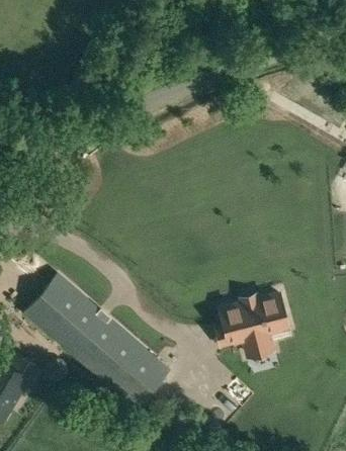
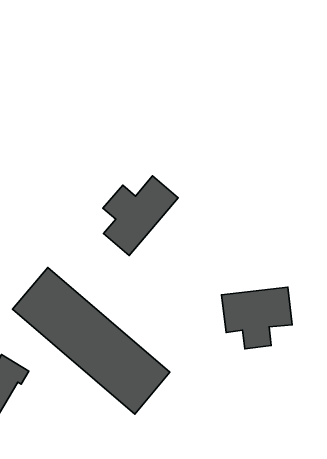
building: none -> [103,176,178,255]

